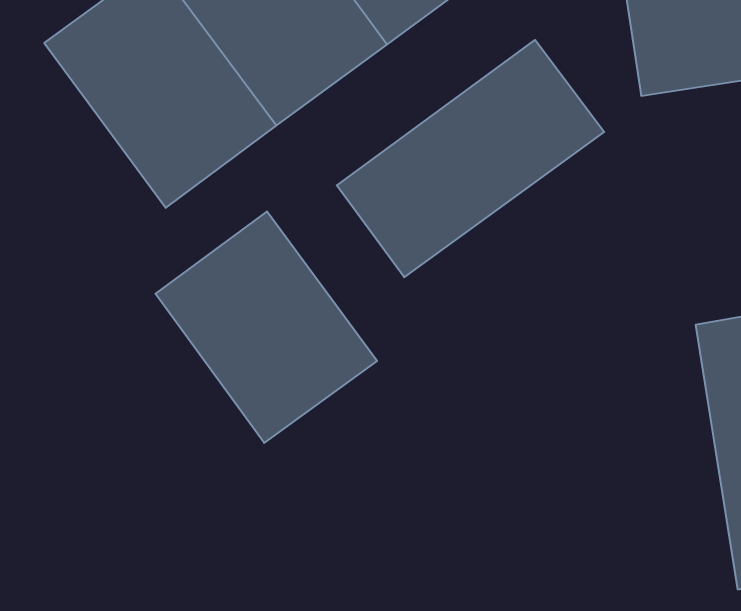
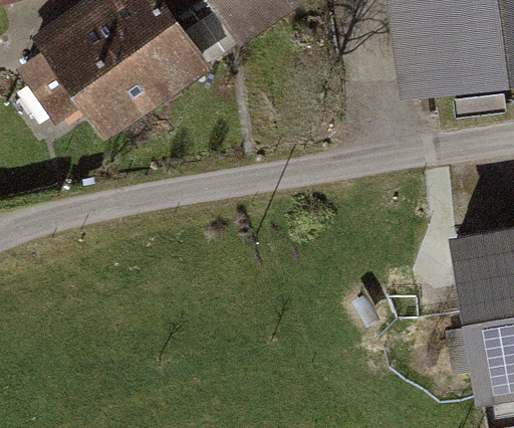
building: [337,40,604,277] -> none
building: [155,211,377,443] -> none

